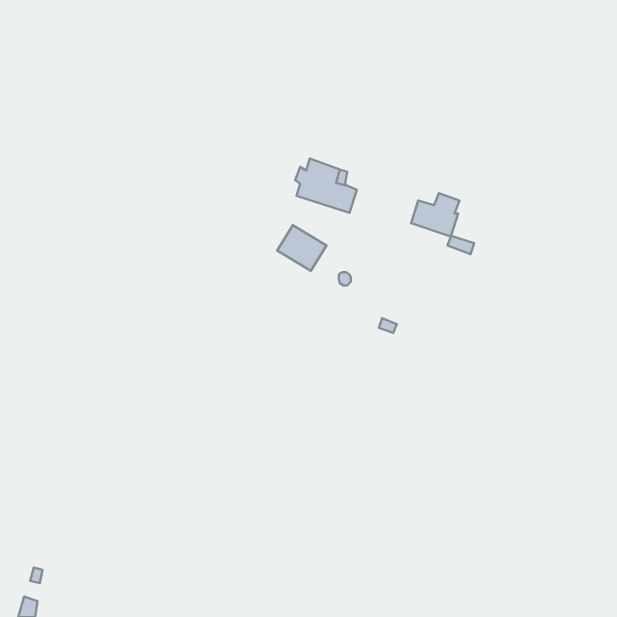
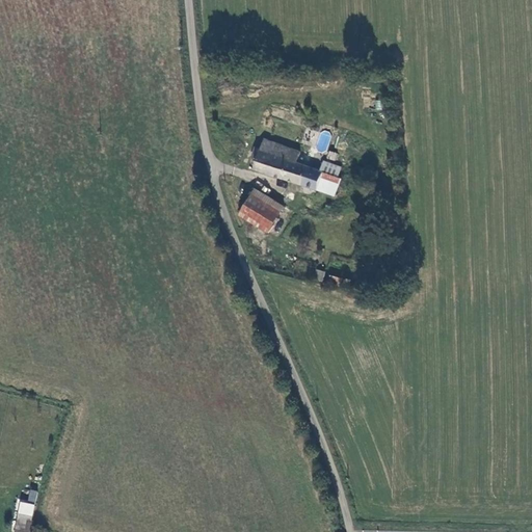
building: [411,193,459,237] -> [300,157,342,194]

